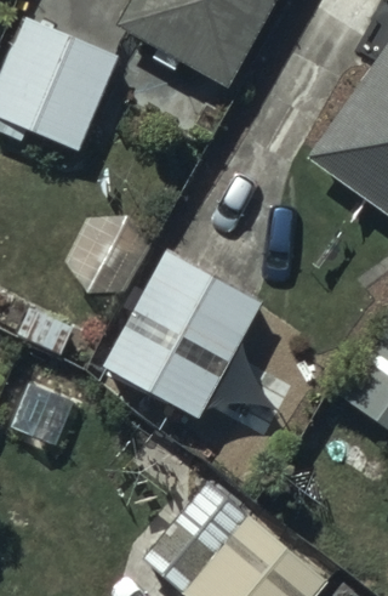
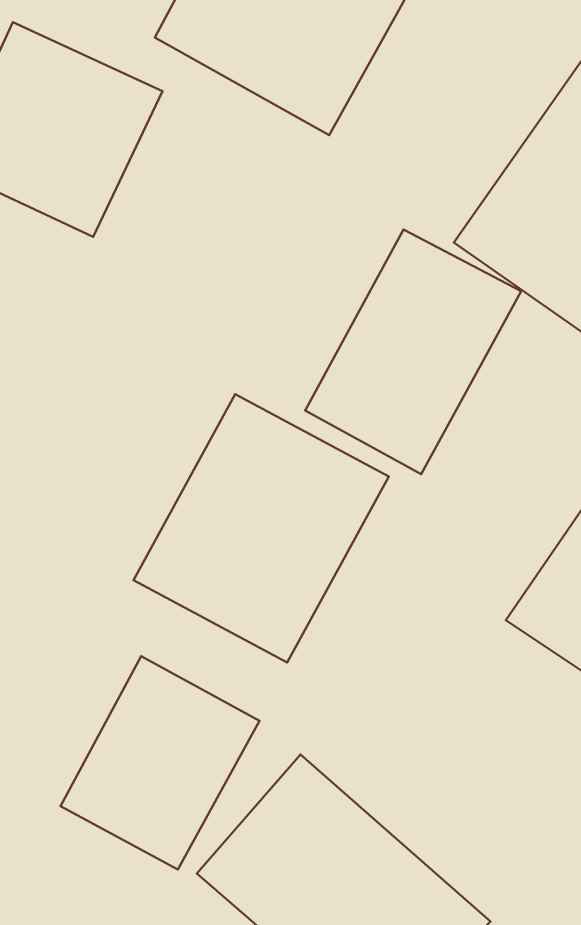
building: none -> [305,229,521,474]
building: none -> [60,656,259,869]

